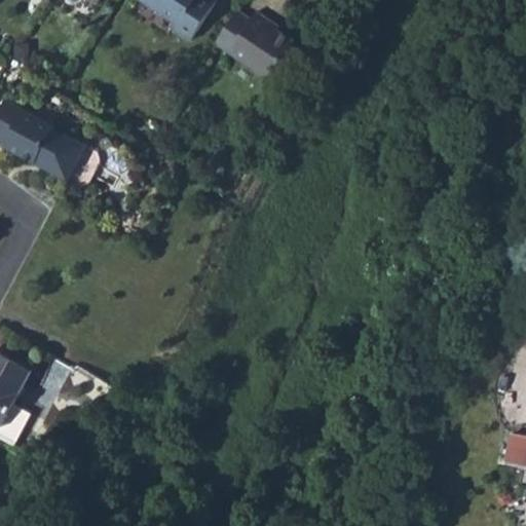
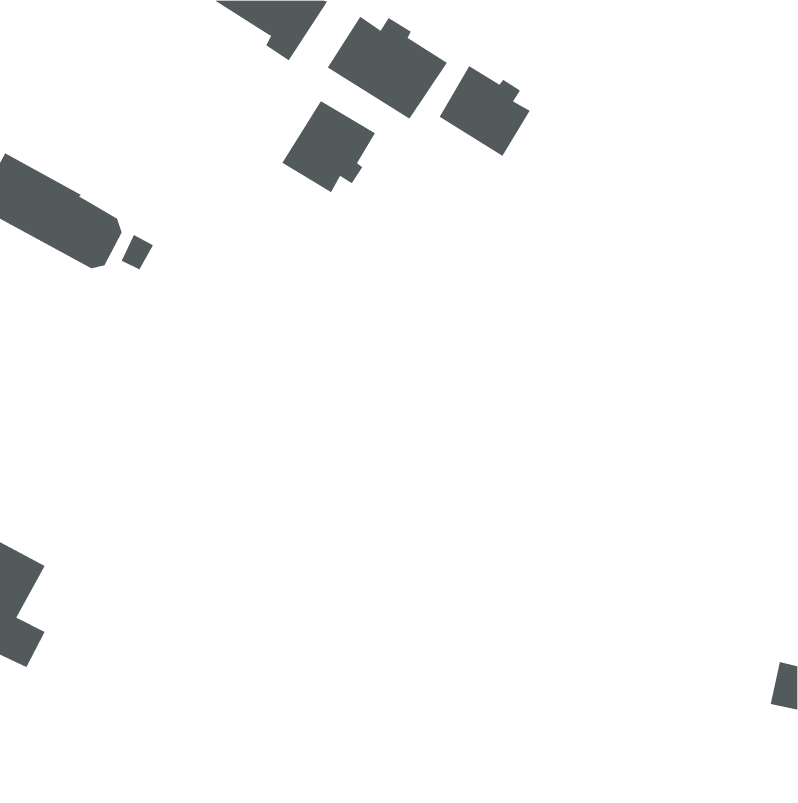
building: none -> [439,65,531,157]
building: none -> [282,100,376,193]

